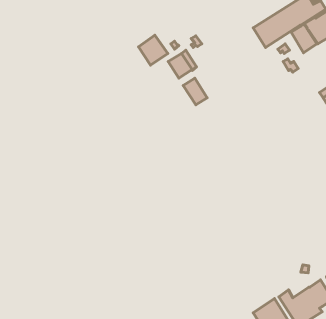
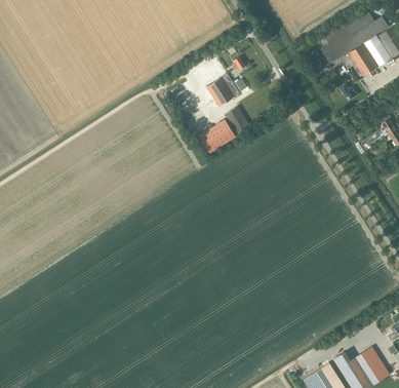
building: [138,35,168,65] -> none
building: none -> [197,120,234,154]

